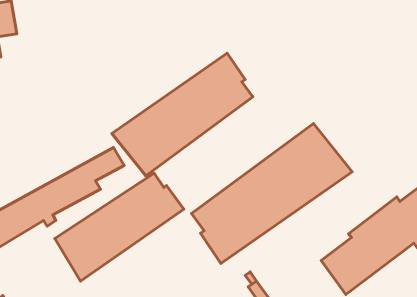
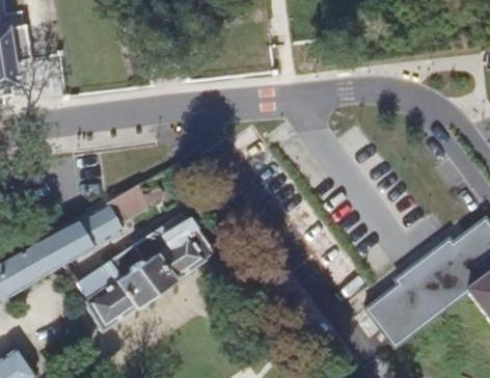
building: [112,53,253,176] -> none
building: [192,124,352,263] -> none

